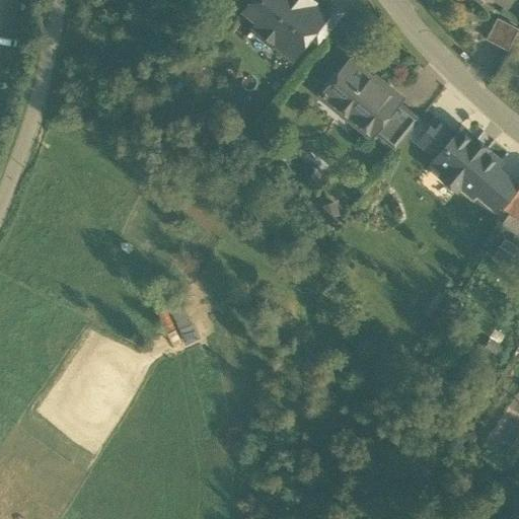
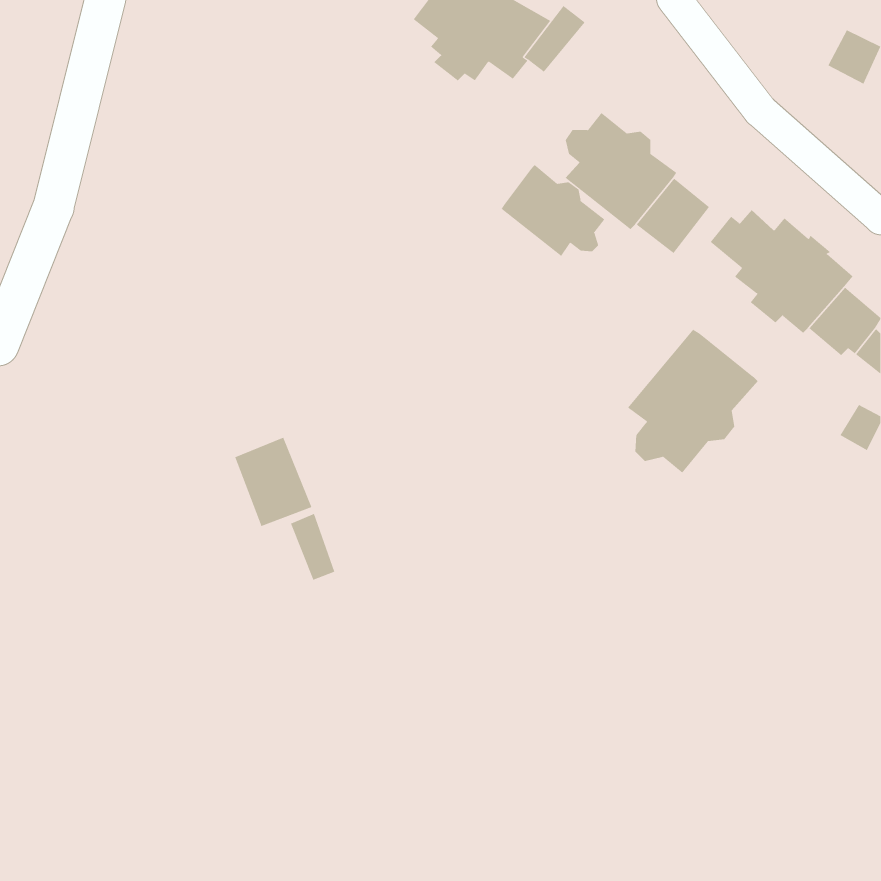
building: none -> [501,164,605,257]
building: none -> [627,329,759,473]
building: none -> [234,437,312,527]

